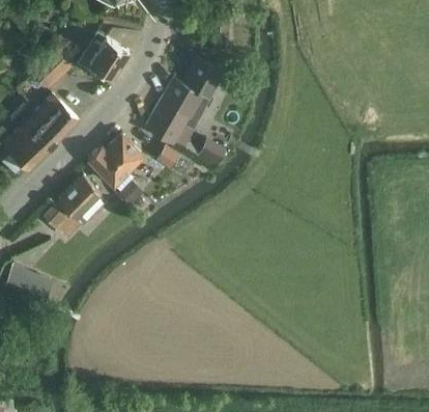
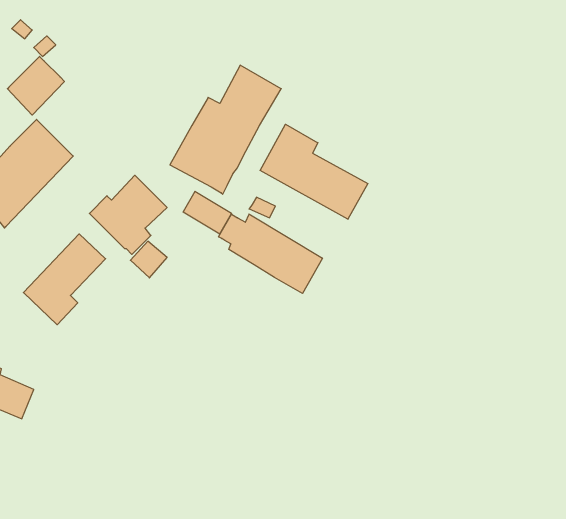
building: [88,38,128,80] -> none
building: none -> [260,124,368,219]
building: none -> [219,214,322,293]

